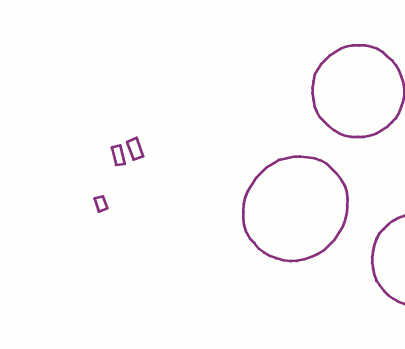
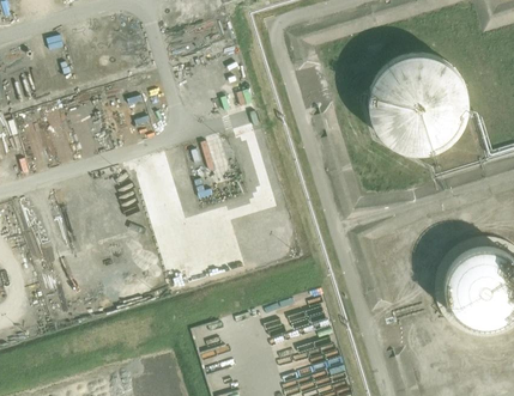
building: [243,156,347,261] -> none

